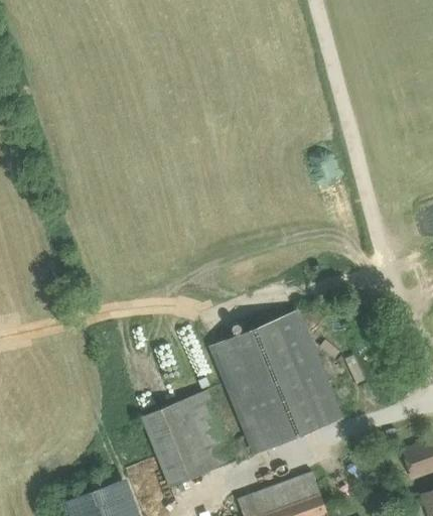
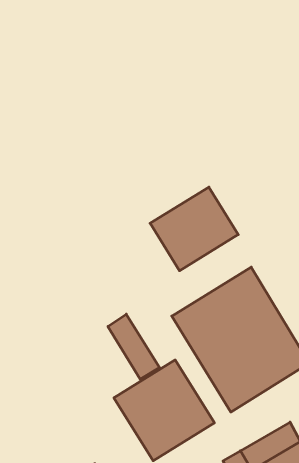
building: none -> [150,187,238,271]
building: none -> [108,314,160,379]

